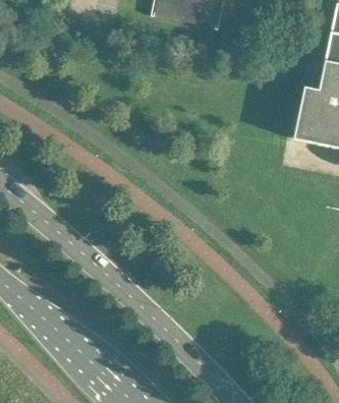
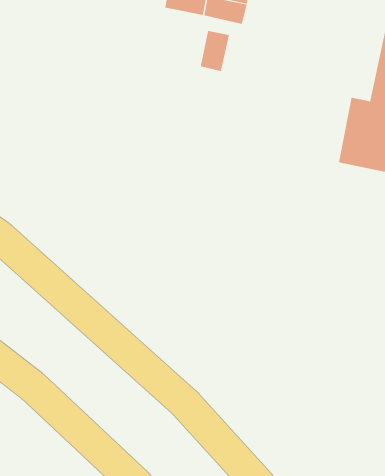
building: none -> [200,30,229,72]

